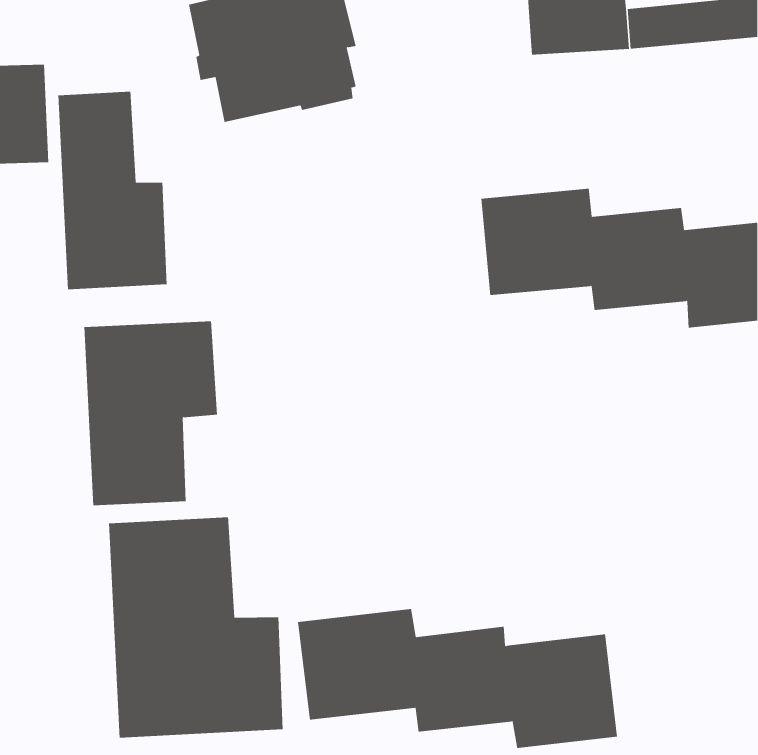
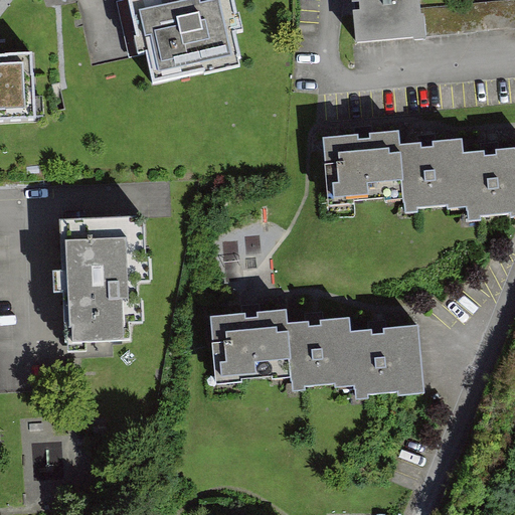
building: [58,91,167,290] -> none
building: [108,517,283,739] -> none
building: [297,608,618,749] -> [208,306,424,400]

